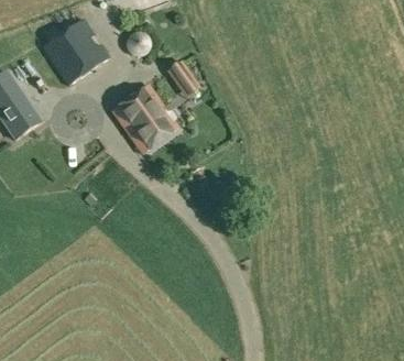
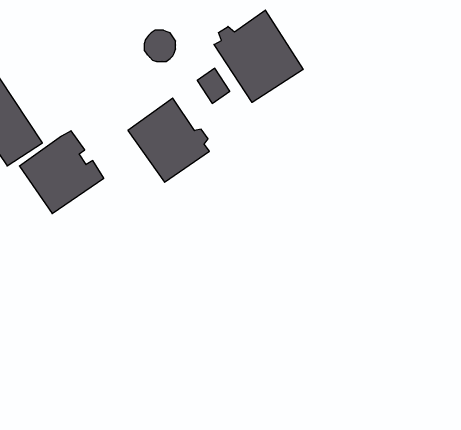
building: none -> [214,10,303,102]
building: [42,18,110,85] -> [19,131,104,214]

